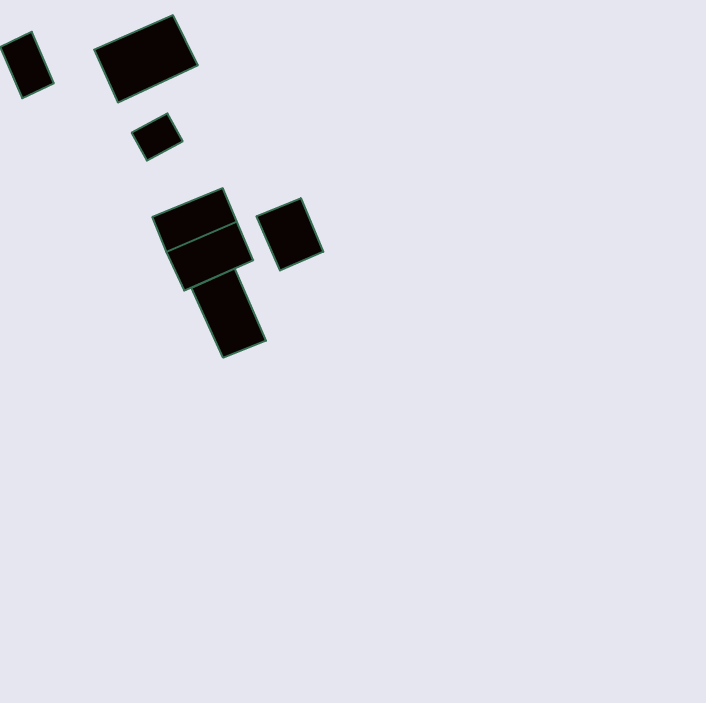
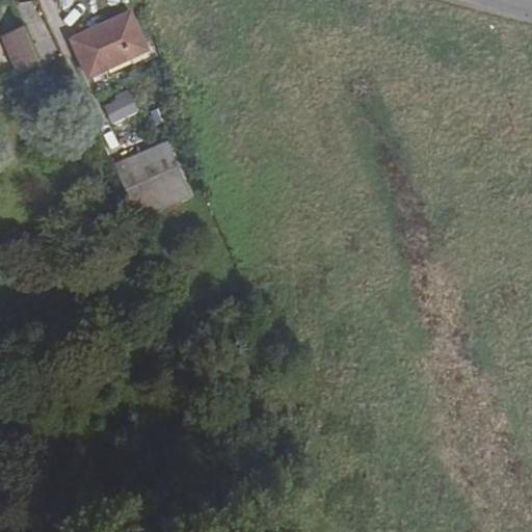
building: [257,198,323,271] -> none
building: [191,268,266,358] -> none

